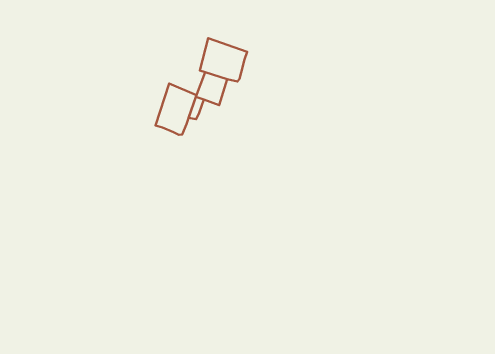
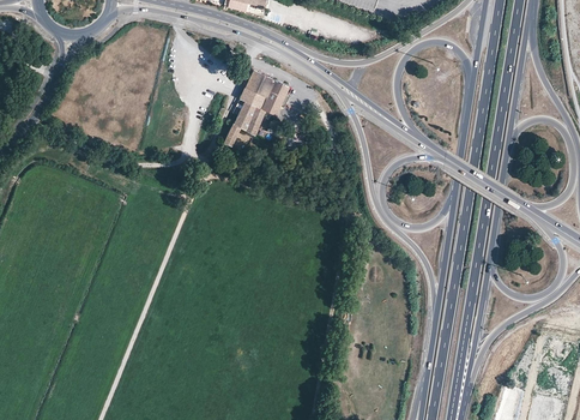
building: [155,83,196,135] -> none

